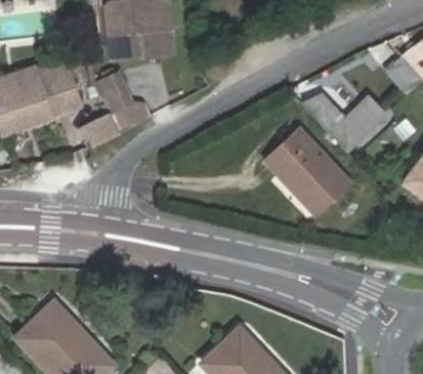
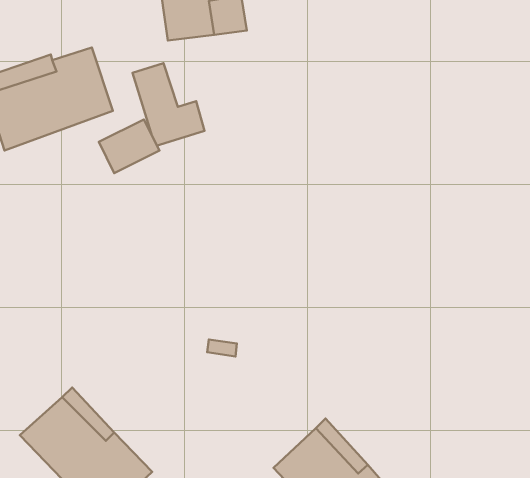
building: [304,96,382,151] -> none
building: [269,131,349,210] -> none

